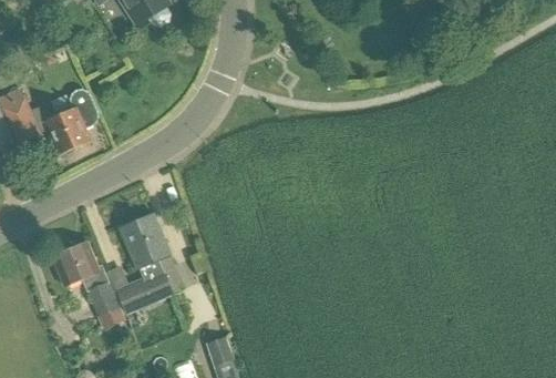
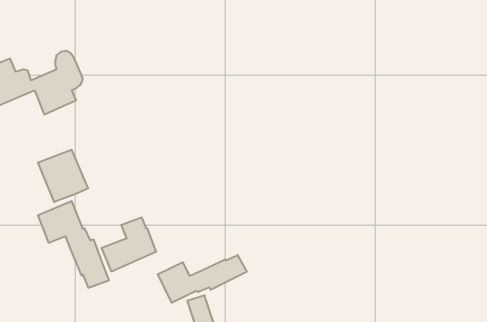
building: [120,213,171,266] -> [38,150,88,202]
building: none -> [158,255,247,303]

